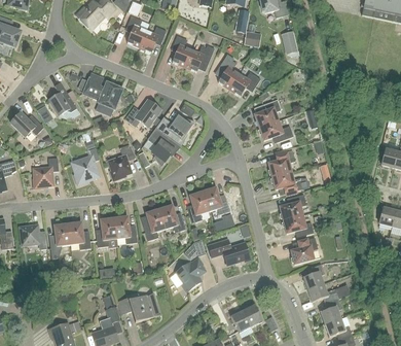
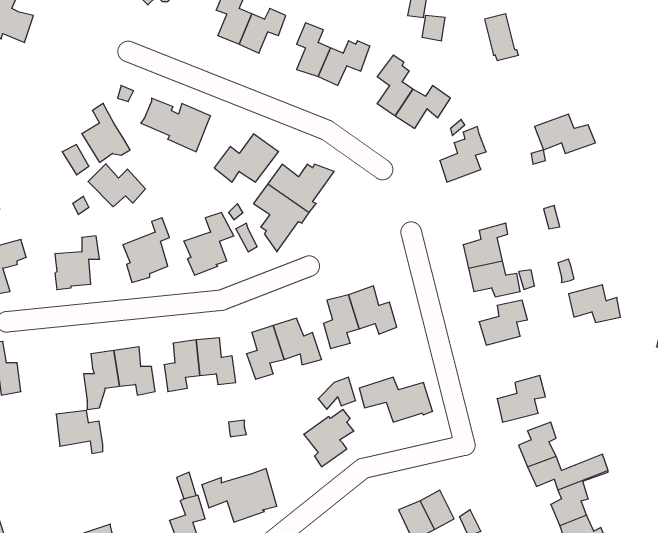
building: [10,112,43,137] -> [88,164,145,207]
building: [258,119,293,142] -> [535,114,595,153]
building: [281,215,311,237] -> [569,285,621,322]
building: [20,224,46,249] -> [56,410,103,453]

